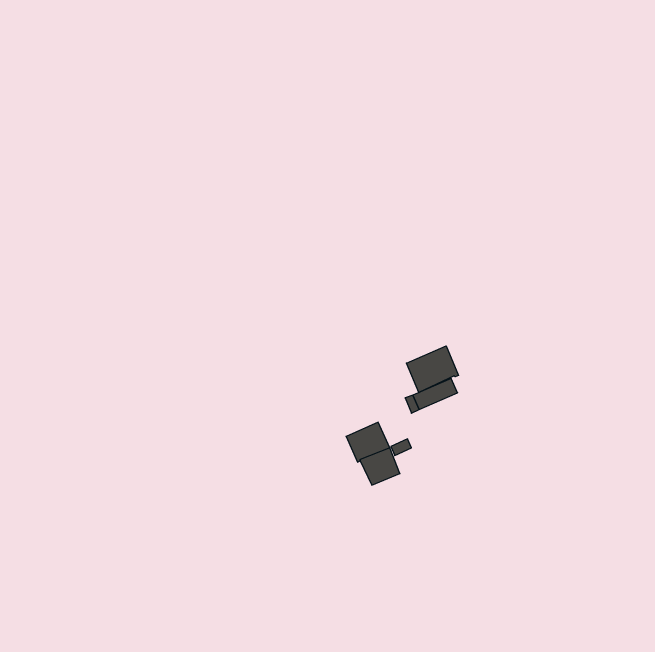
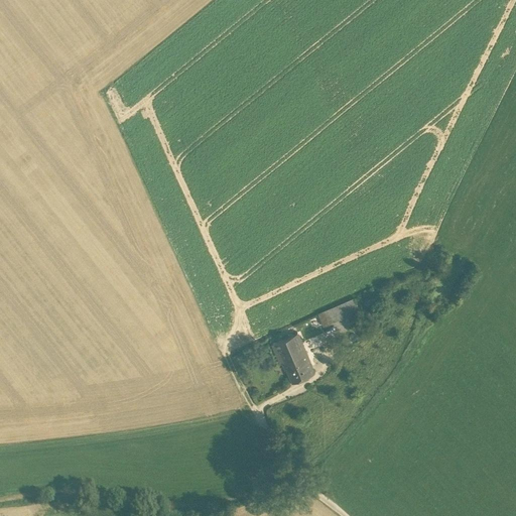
building: [406,346,459,393] -> none

